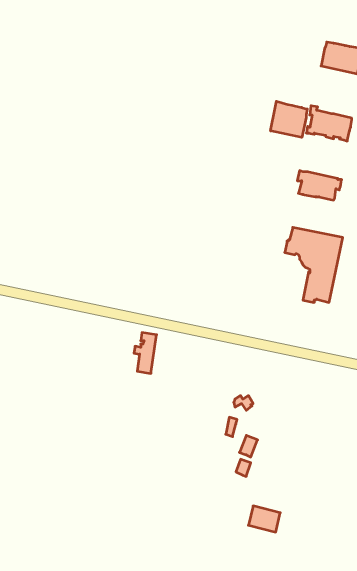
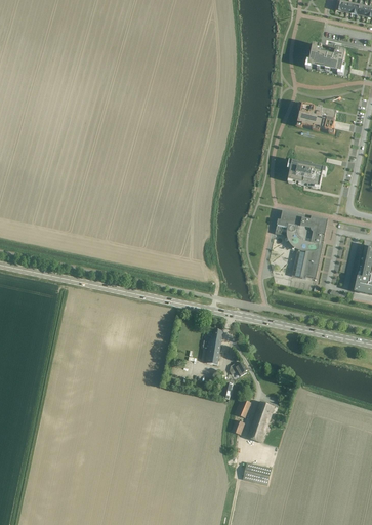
building: [271,101,307,137] -> none
building: [134,333,157,373] -> [202,327,222,364]
building: none -> [247,401,275,442]

